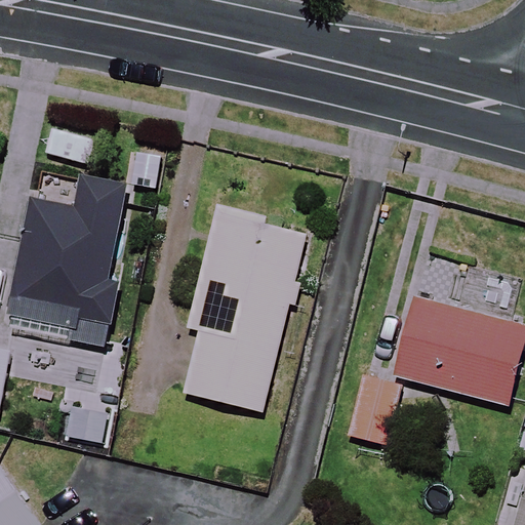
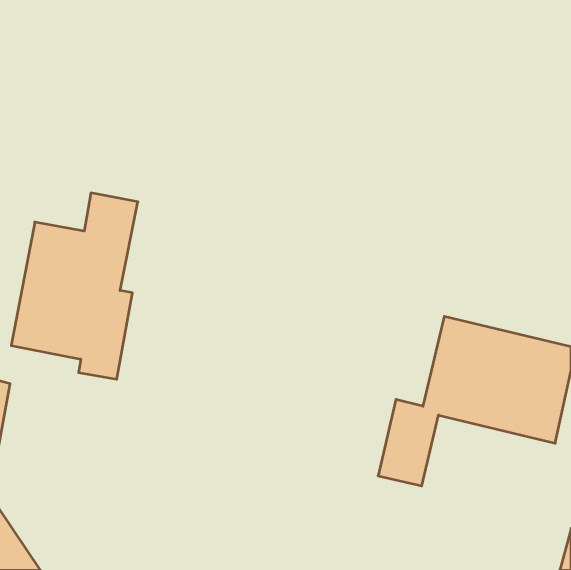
building: [185,208,307,412] -> none

